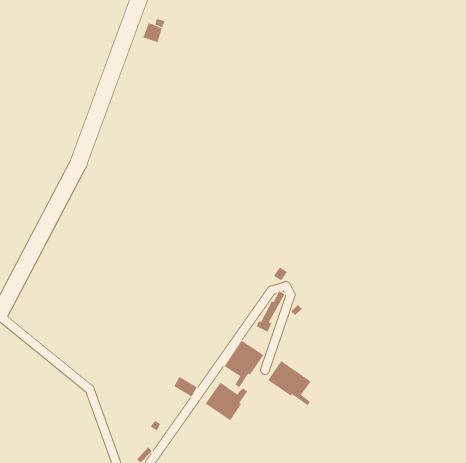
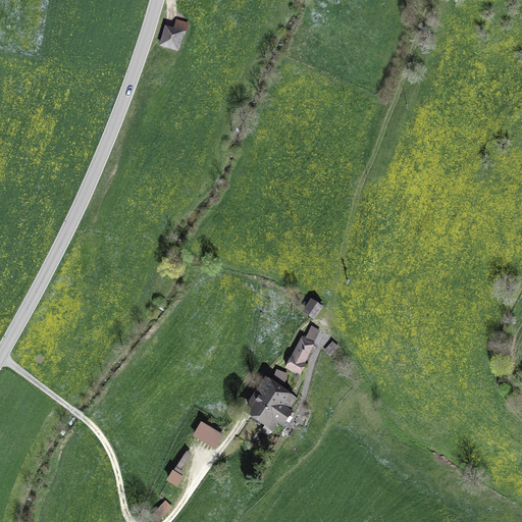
building: [267,360,312,406] -> none
building: [205,382,248,421] -> none

